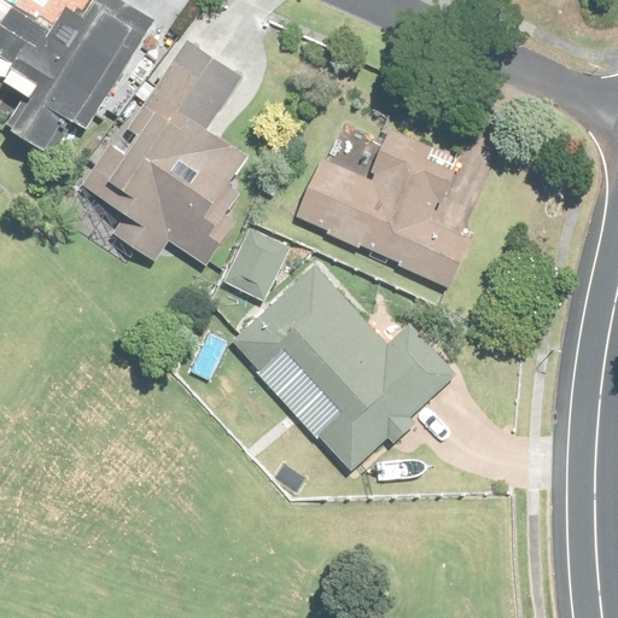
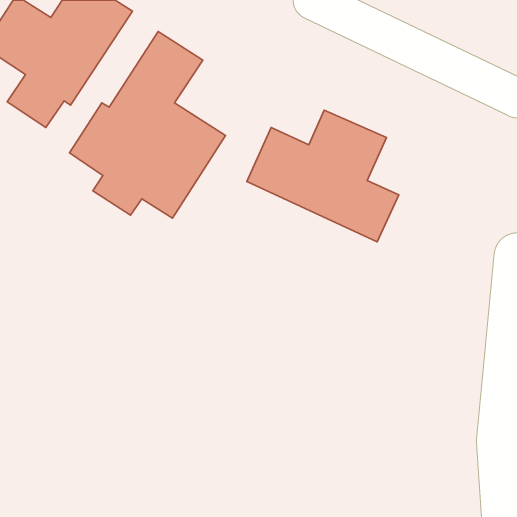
building: [225,227,287,298] -> none
building: [228,266,459,470] -> none

